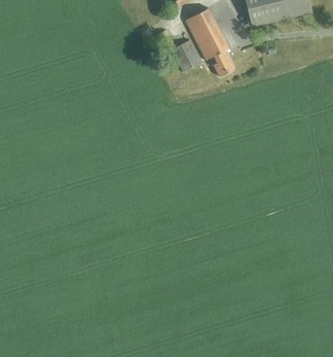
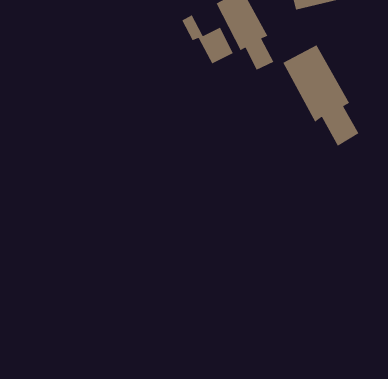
building: none -> [282,44,360,147]

